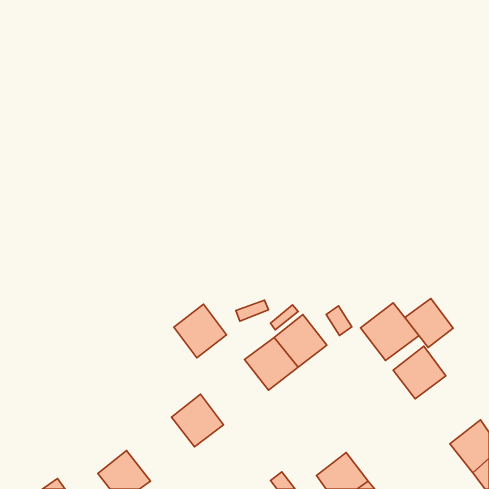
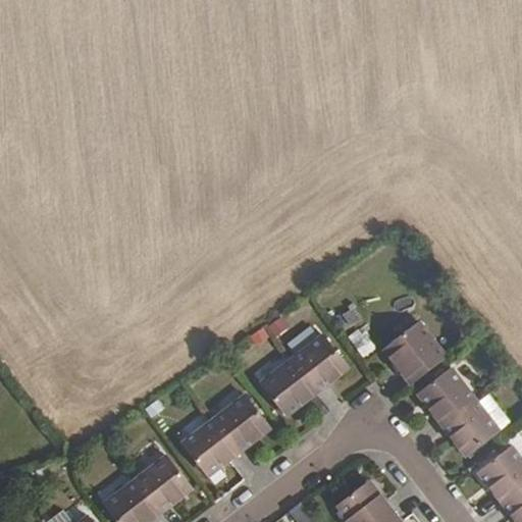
building: [405,299,453,347] -> none
building: [174,304,226,358] -> [213,395,269,452]
building: none -> [441,400,499,456]
building: none -> [135,456,191,512]

